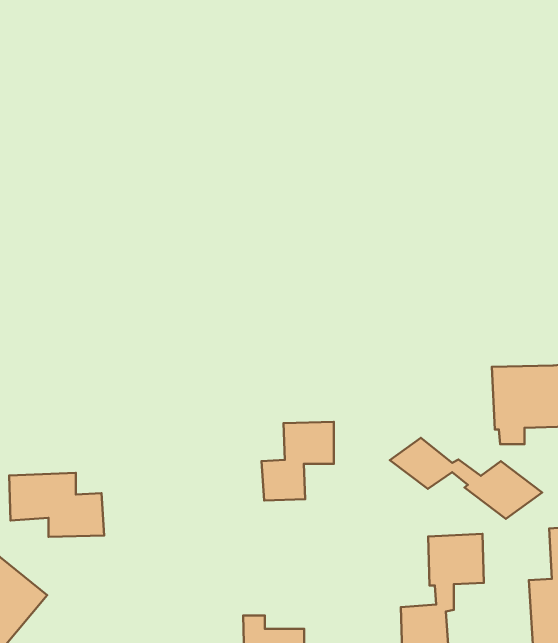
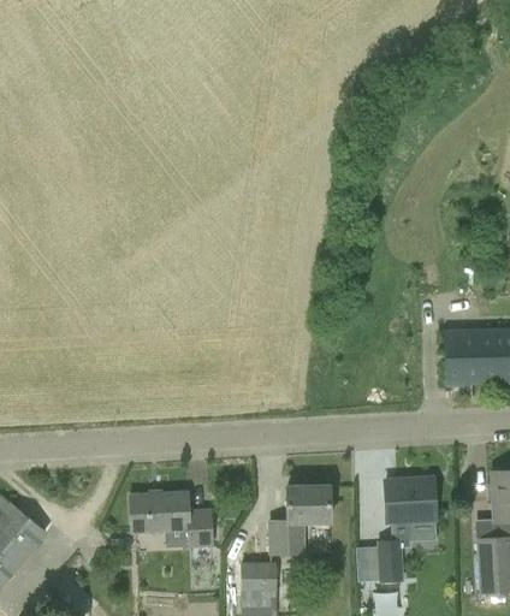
building: [262,422,334,500] -> [267,485,331,555]
building: [390,438,542,519] -> none
building: [9,473,104,537] -> [130,491,214,547]

